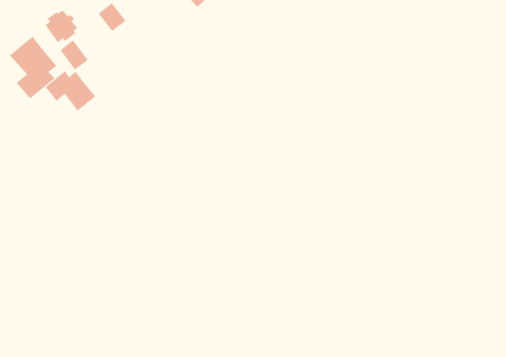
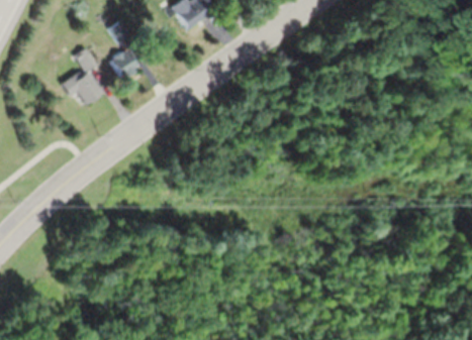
building: [45,10,78,43] -> [111,49,137,76]
building: [9,36,57,99] -> none

